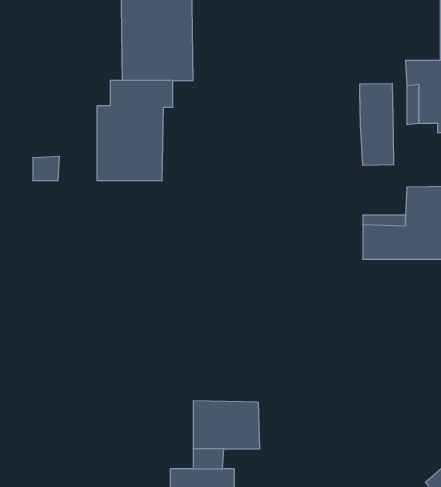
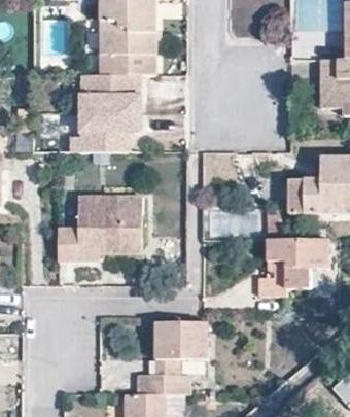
building: [360,83,394,165] -> none
building: none -> [57,195,142,259]
building: none -> [256,239,328,297]

